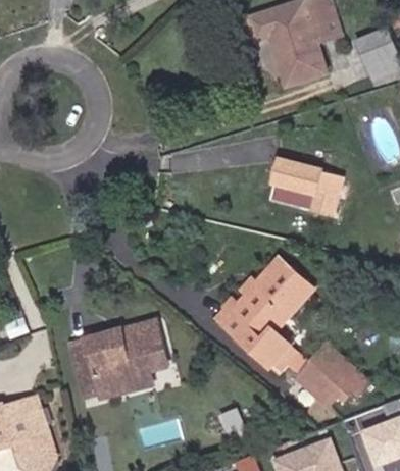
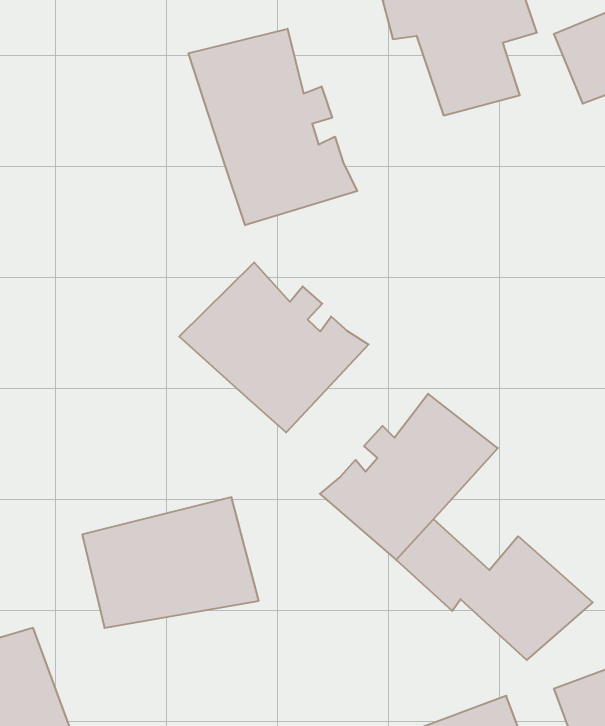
building: none -> [188,29,357,225]
building: [270,156,346,214] -> none
building: none -> [179,262,369,433]

